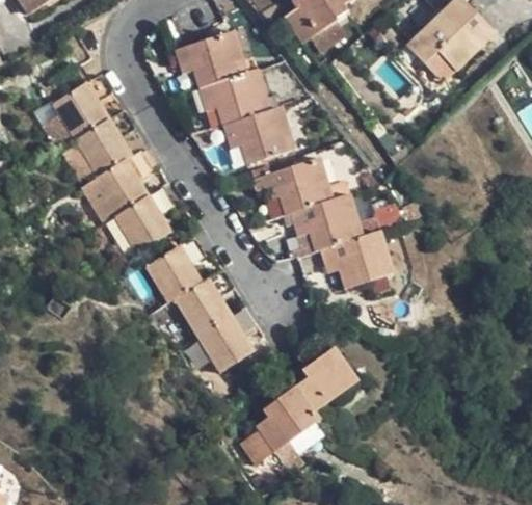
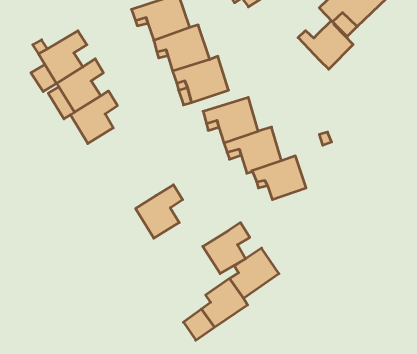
building: none -> [298,21,353,69]
building: [114,187,174,254] -> none
building: [147,238,205,303] -> none
building: [197,307,257,371] -> [203,223,250,274]

